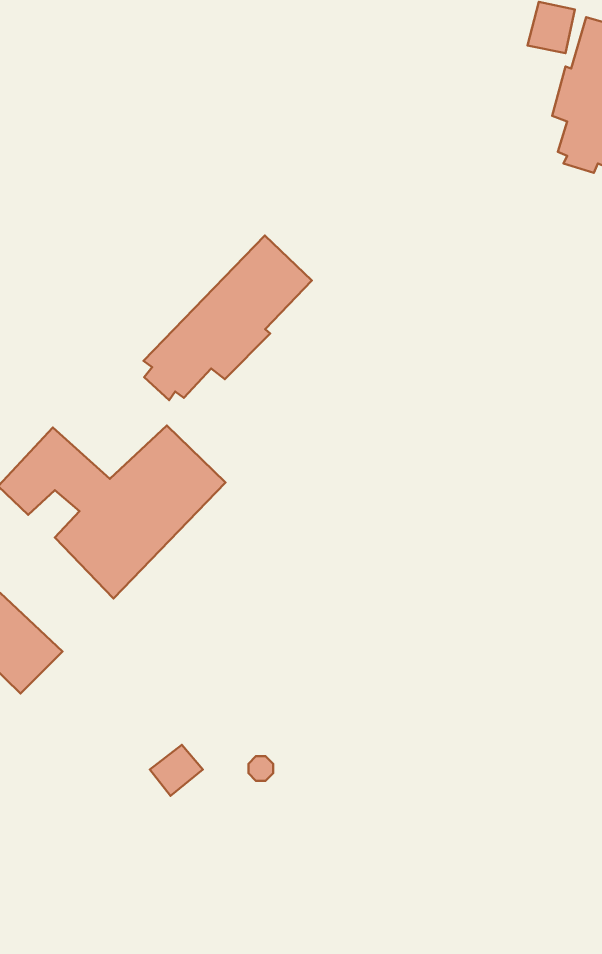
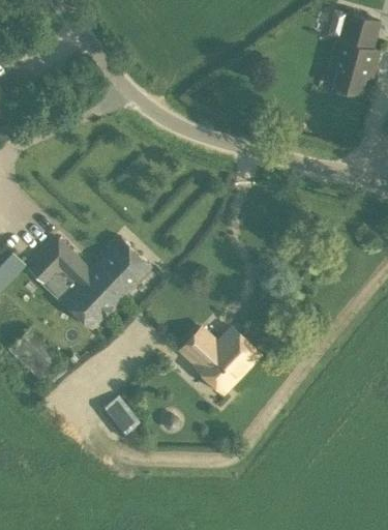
building: [144,235,312,400] -> none
building: none -> [180,328,259,391]

